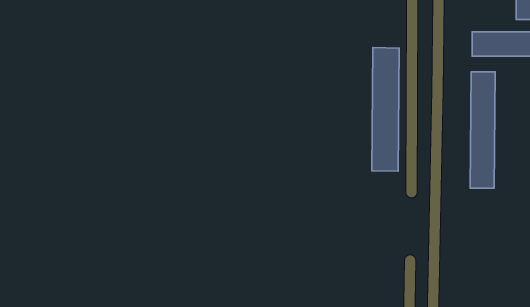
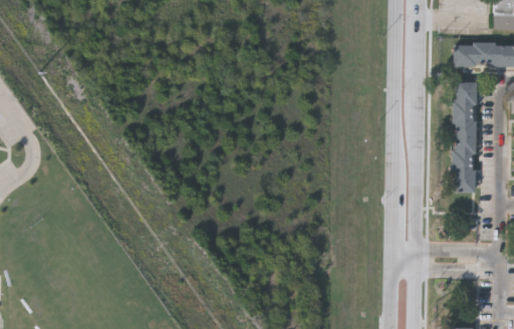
building: [372,48,399,171] -> none

